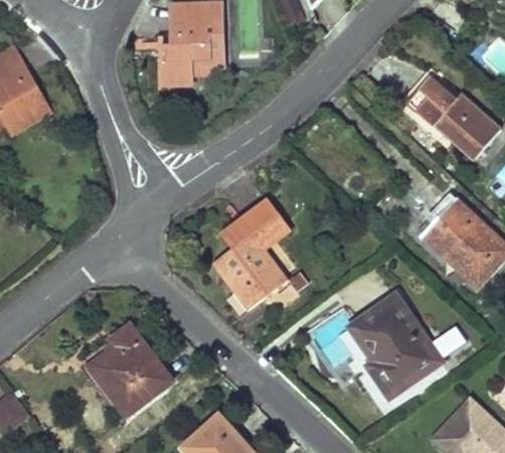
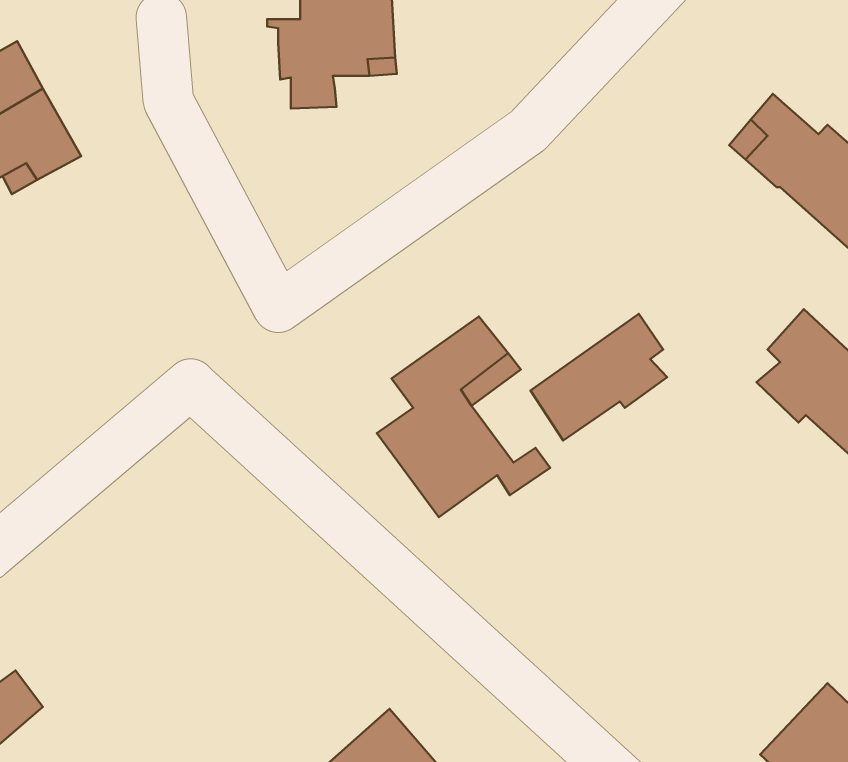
building: none -> [531,314,667,440]
building: [335,293,442,396] -> none
building: [92,326,174,417] -> none

